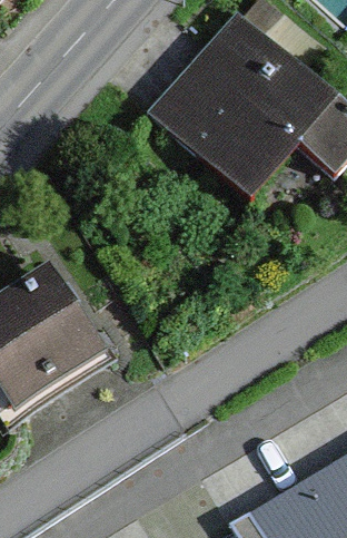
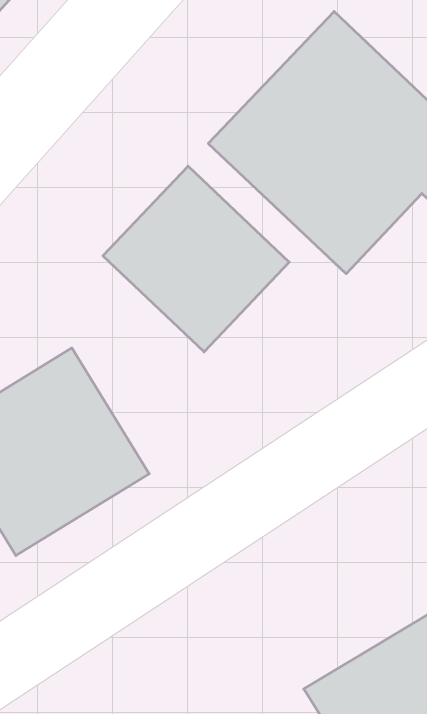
building: none -> [103,166,289,352]

